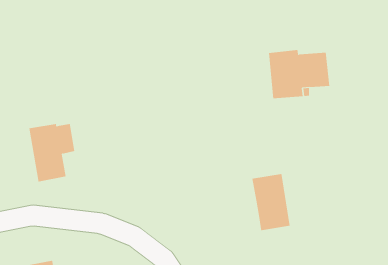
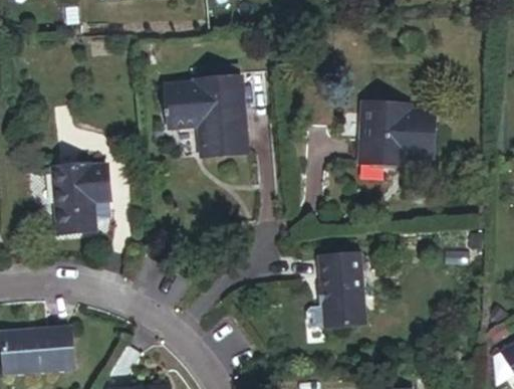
building: none -> [166,74,246,152]

